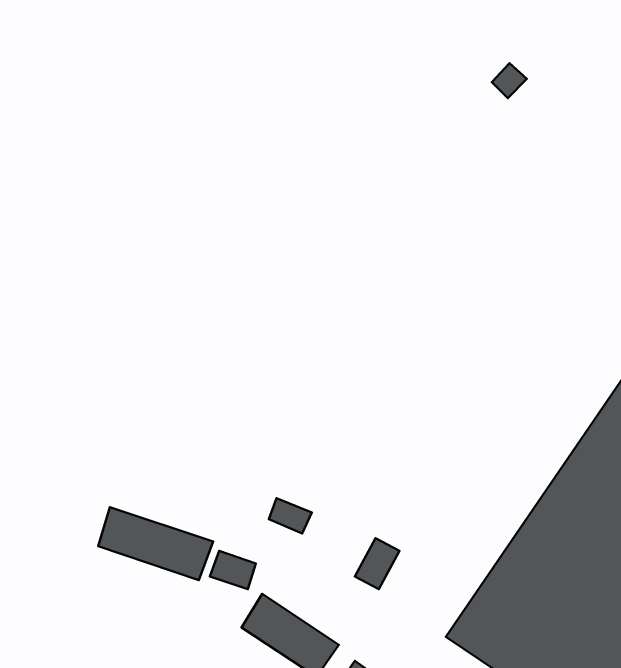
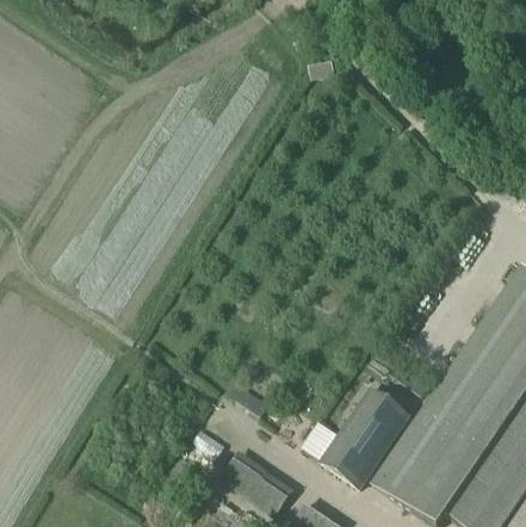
building: [98,507,213,580] -> none
building: none -> [321,389,410,488]

